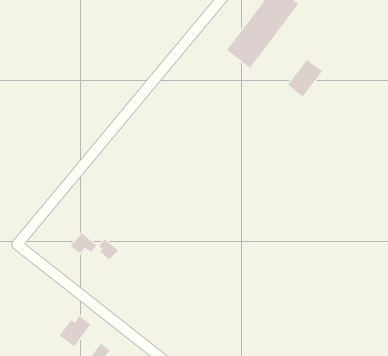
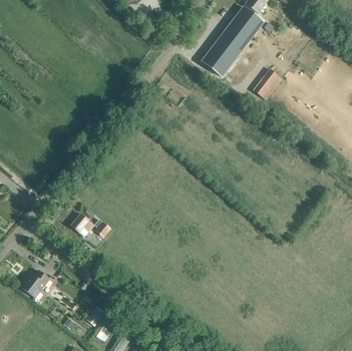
building: [59,315,91,347] -> [21,270,48,297]

